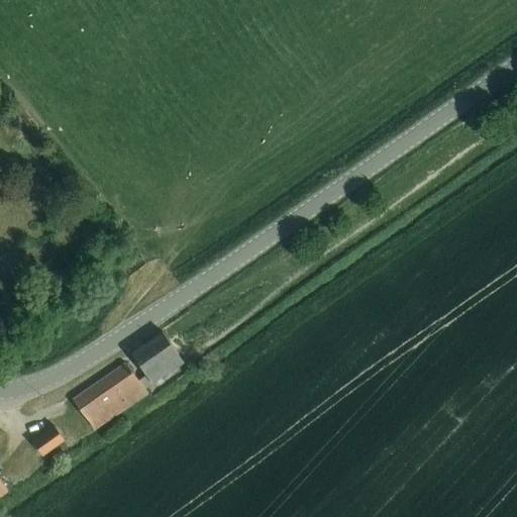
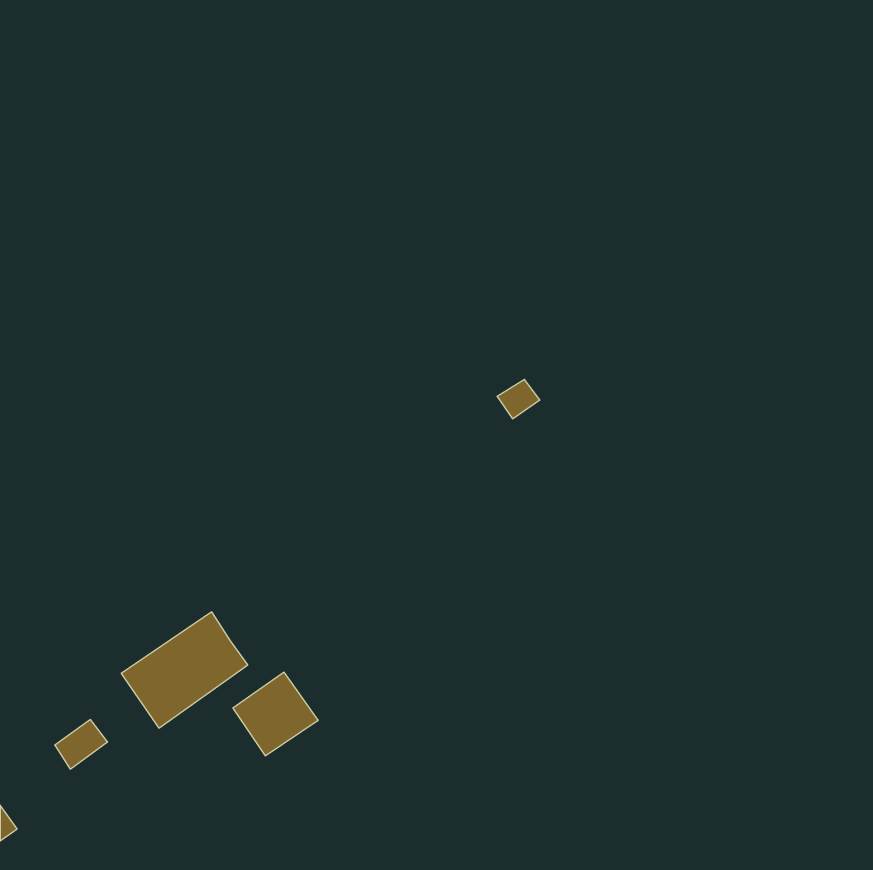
building: [131,332,182,382] -> [233,672,318,756]

